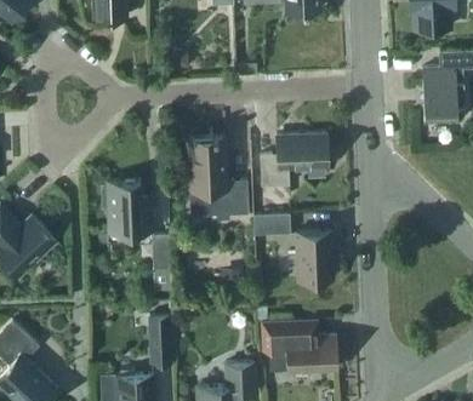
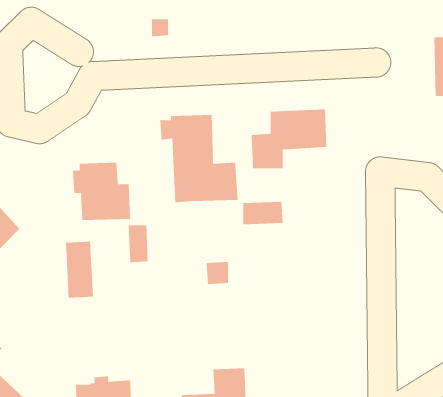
building: [296,231,332,281] -> none
building: [146,316,171,367] -> [65,241,94,298]
building: [262,321,336,372] -> none

